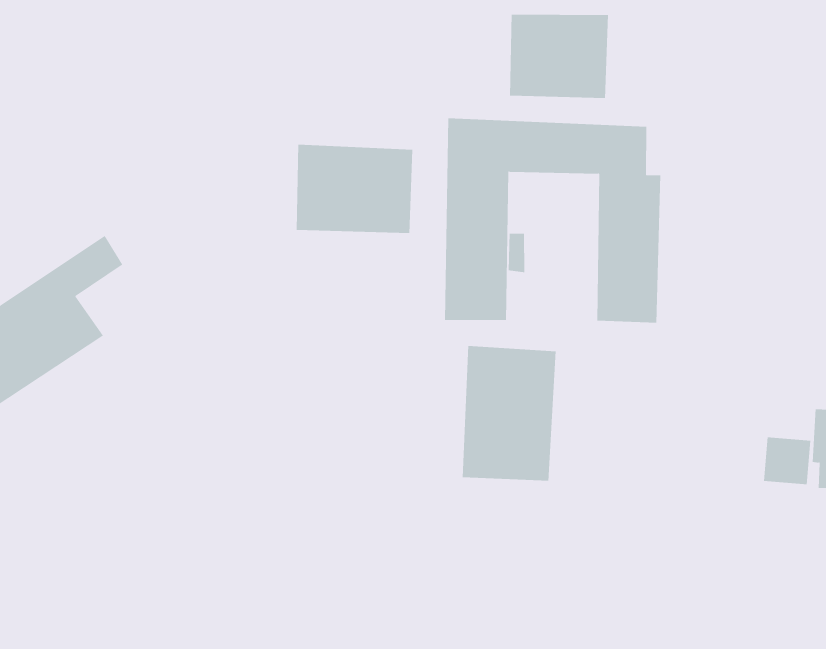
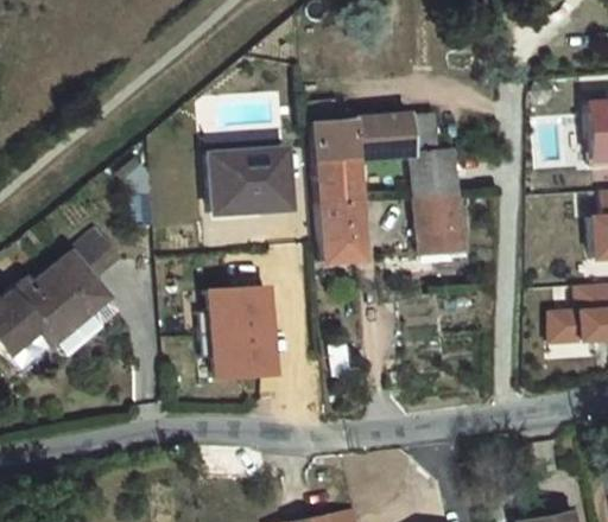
building: [510,14,608,99] -> none
building: [462,345,556,481] -> [208,286,273,377]

